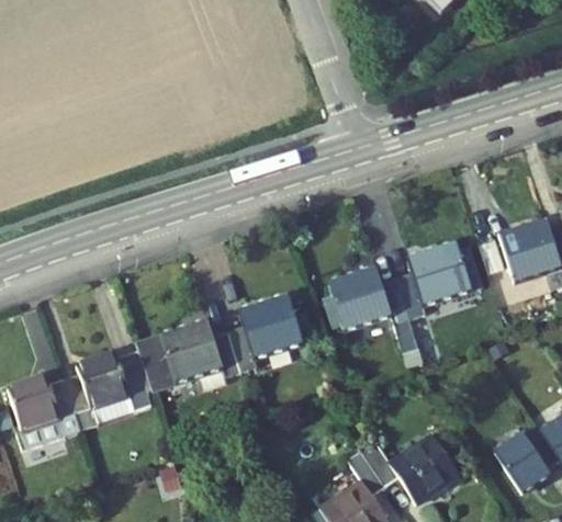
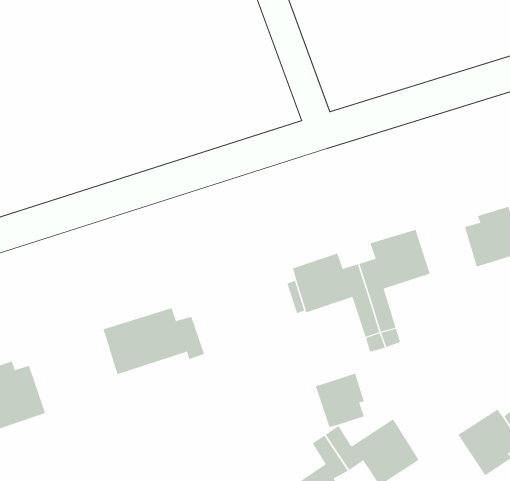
building: [227,296,301,368] -> none
building: [64,350,157,428] -> none
building: none -> [315,373,365,428]

